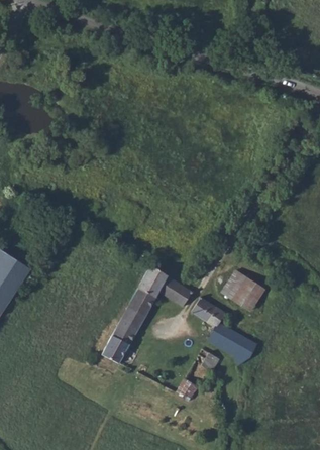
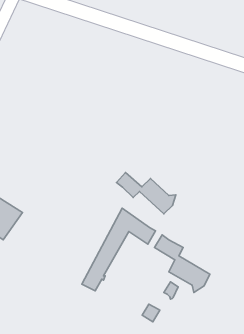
building: none -> [116,173,176,214]
building: [222,270,263,310] -> none

